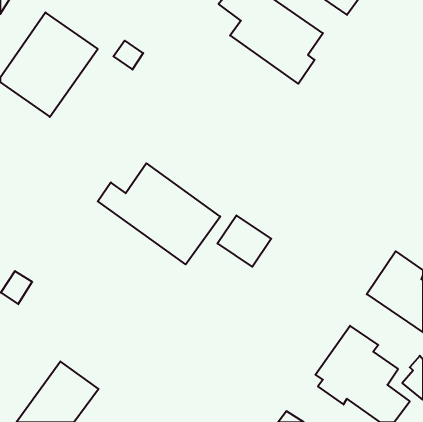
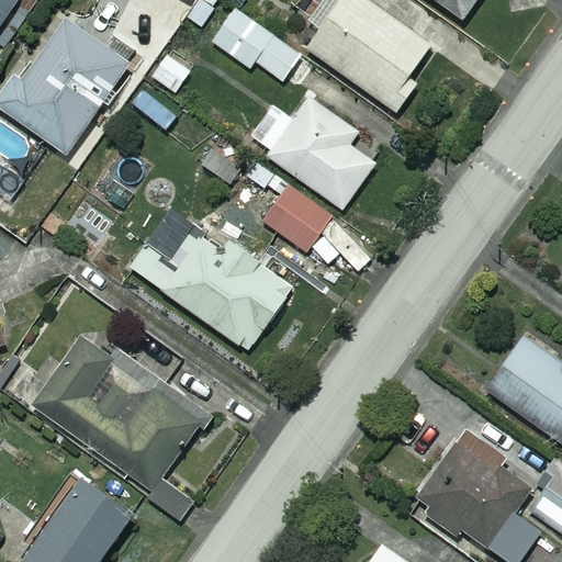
building: none -> [211,7,314,89]
building: none -> [249,97,374,209]
building: [217,215,271,267] -> [261,183,333,251]
building: none -> [32,340,207,517]

